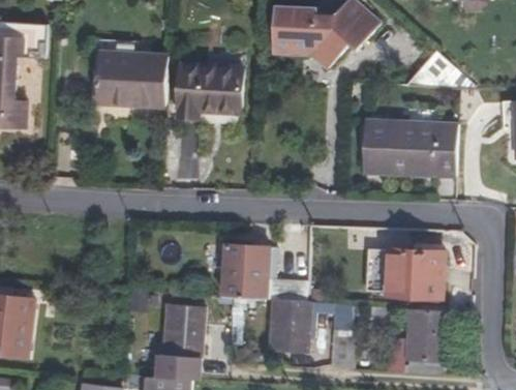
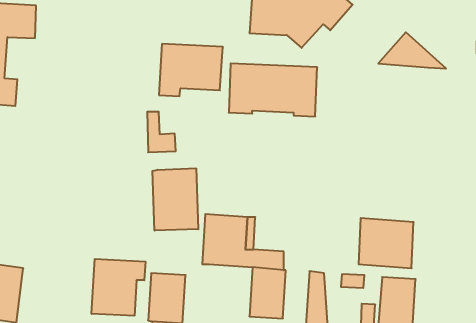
building: [96,52,165,107] -> none
building: [364,120,457,176] -> [229,63,317,116]
building: none -> [152,168,198,231]
building: none -> [92,259,145,316]

